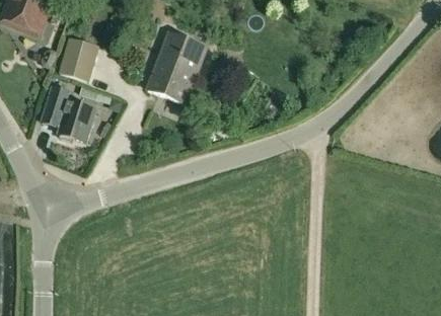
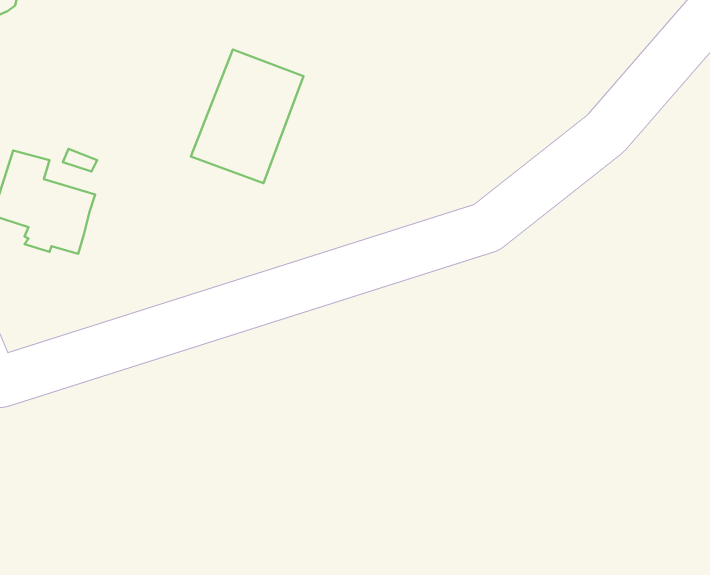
building: [59,37,97,80] -> none

